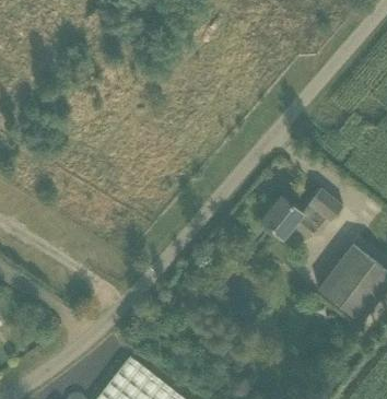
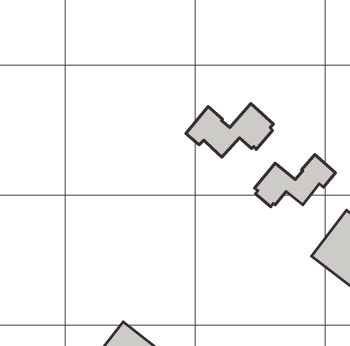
building: none -> [186,104,274,157]

